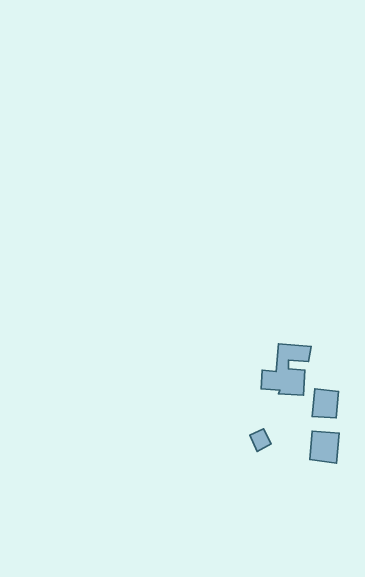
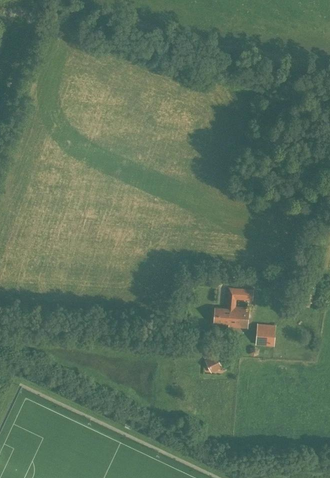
building: [310,431,339,463] -> none

